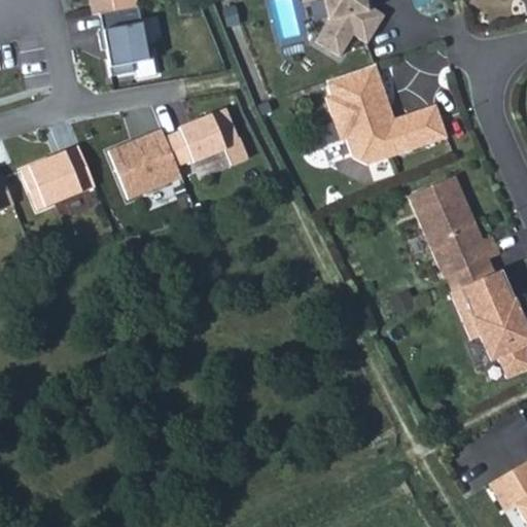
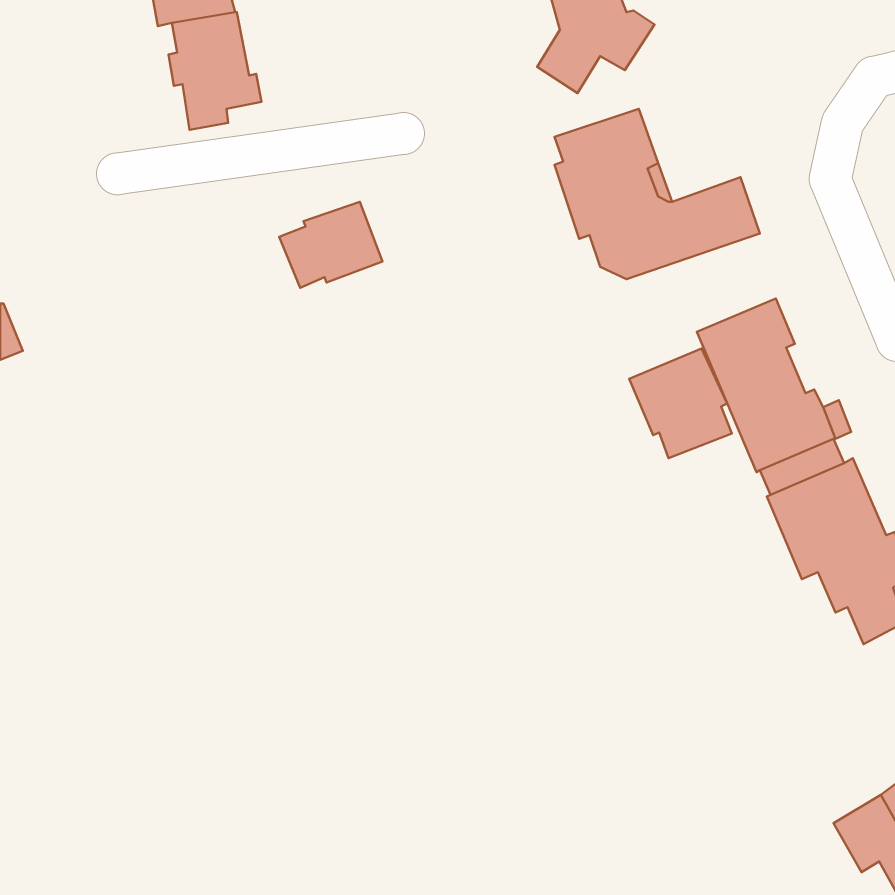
building: [109,131,181,200] -> none
building: [21,145,95,208] -> none
building: none -> [629,348,732,458]

